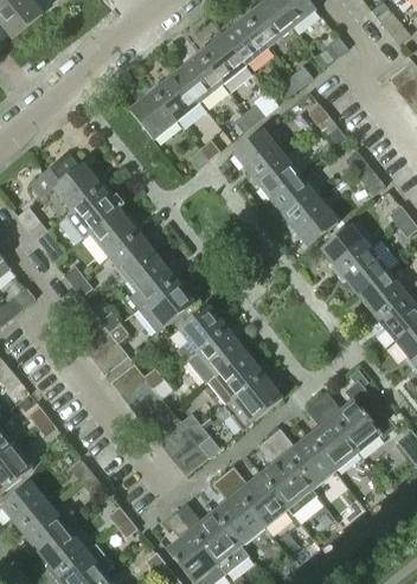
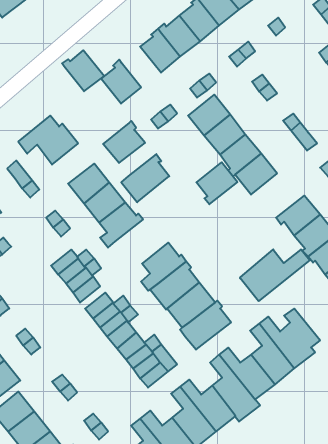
building: [150,71,200,120] -> [62,50,104,91]
building: [71,184,121,233] -> [103,121,145,163]
building: [321,224,370,274] -> [196,162,237,204]
building: [137,276,194,333] -> [121,154,169,202]
building: none -> [240,249,310,301]

